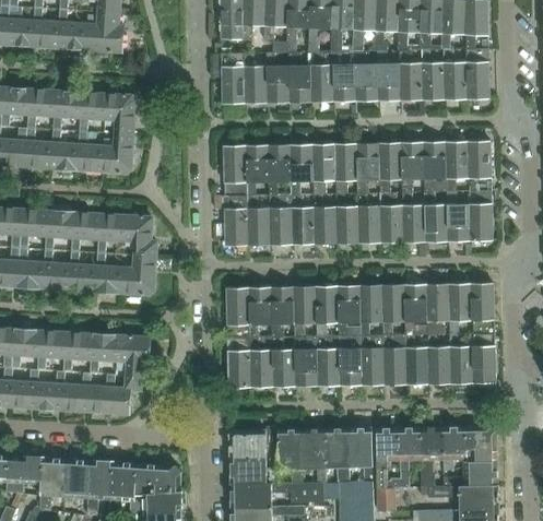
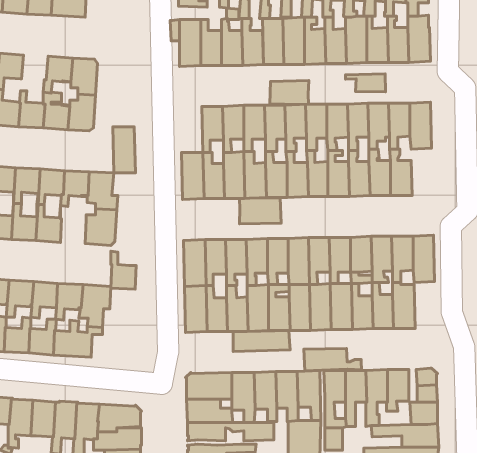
building: [52,91,82,129] -> none
building: none -> [345,74,385,92]
building: none -> [270,81,309,104]
building: [223,145,247,194] -> [113,127,135,173]
building: [469,190,492,240] -> none
building: none -> [239,198,281,224]
building: [95,251,122,292] -> [111,251,136,289]
building: [472,332,495,382] -> none
building: none -> [233,330,290,351]
building: none -> [304,348,362,371]

